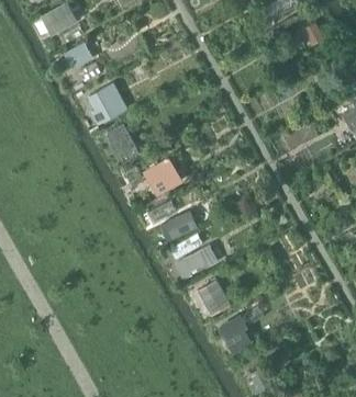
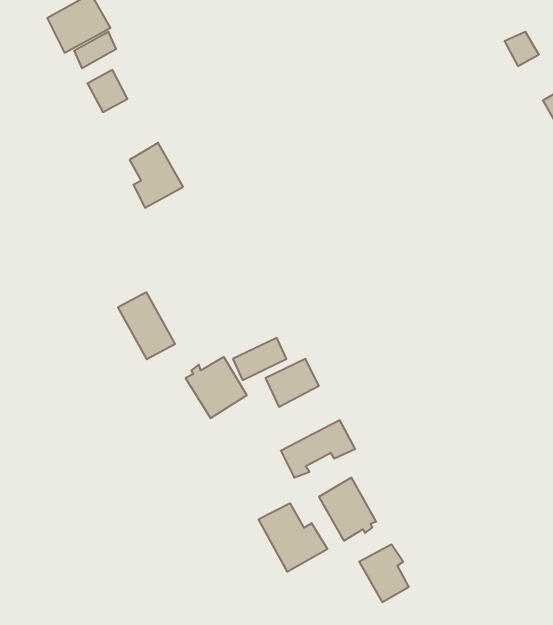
building: [105,124,138,162] -> [118,292,175,359]
building: [146,158,181,193] -> [186,357,247,418]
building: none -> [259,503,327,572]

